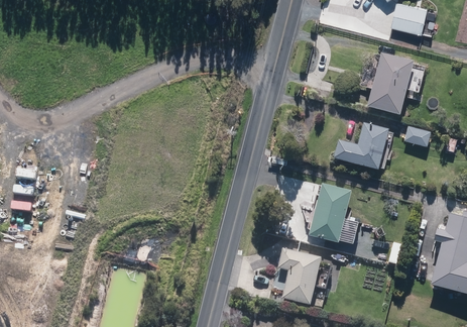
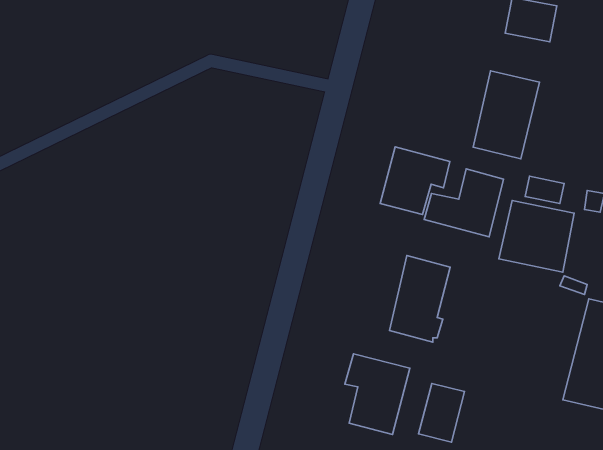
building: none -> [380,147,450,214]
building: none -> [499,200,574,272]
building: none -> [419,383,465,442]

